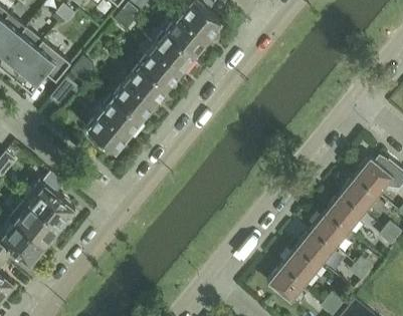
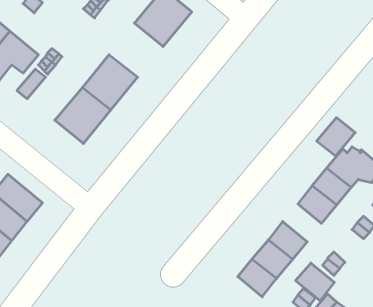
building: [141,33,194,86] -> none
building: none -> [317,118,355,156]
building: [312,211,350,248] -> [296,263,334,301]

